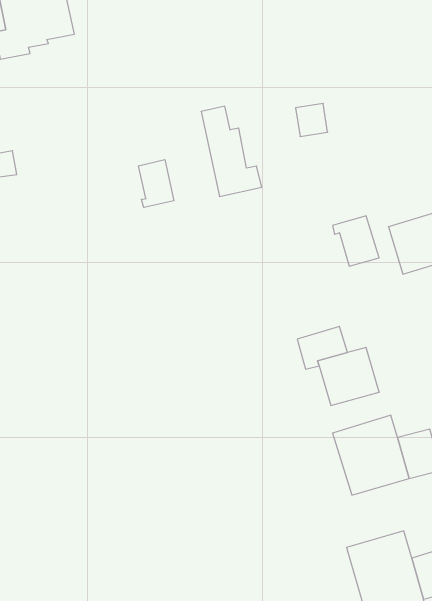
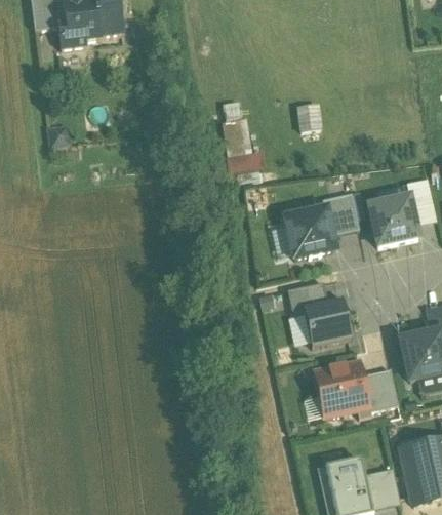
building: [139,160,174,208] -> none
building: none -> [282,207,336,263]

